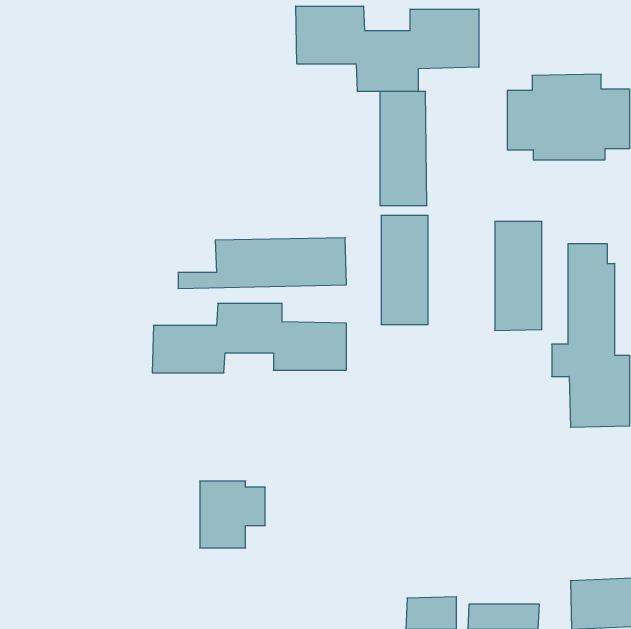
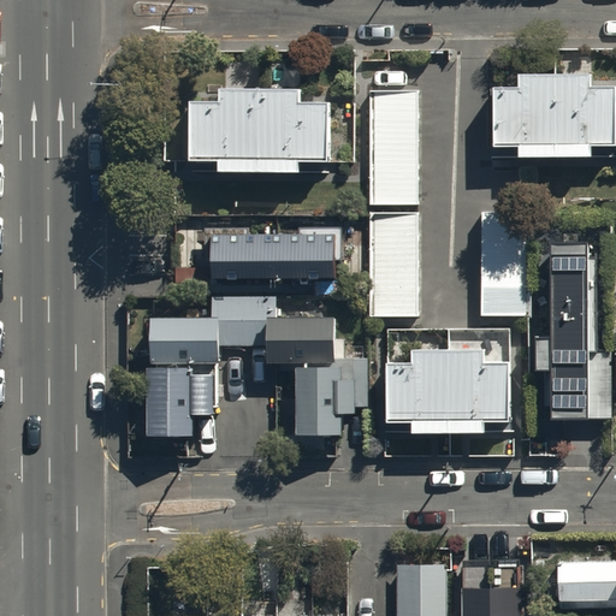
building: [296,6,479,92] -> none
building: none -> [189,91,326,174]
building: none -> [386,350,510,434]
building: none -> [292,355,369,434]
building: [200,481,265,548] -> [146,371,209,436]

